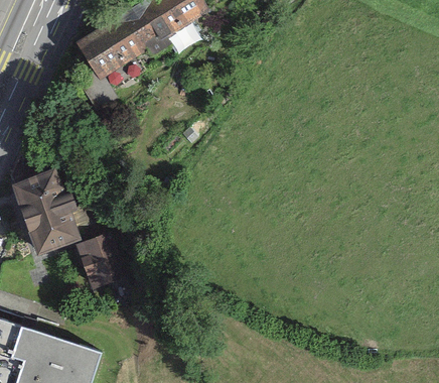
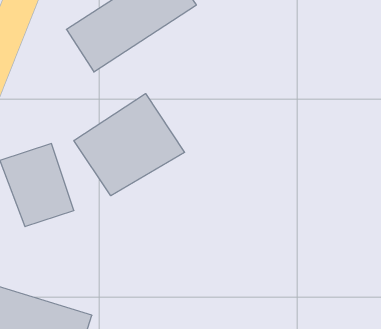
building: none -> [74,94,185,196]
building: [74,234,120,287] -> none

